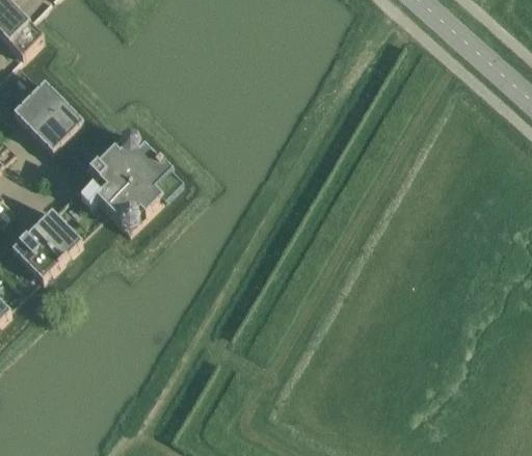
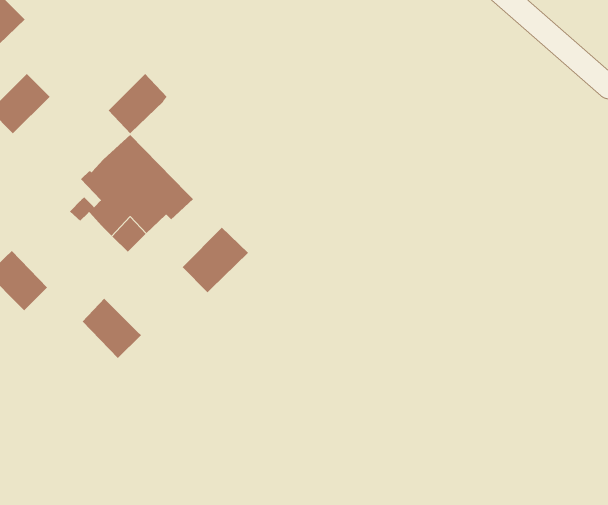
building: [31,99,81,150] -> [108,73,168,134]
building: [30,207,80,258] -> [82,298,142,359]
building: none -> [182,227,249,293]

